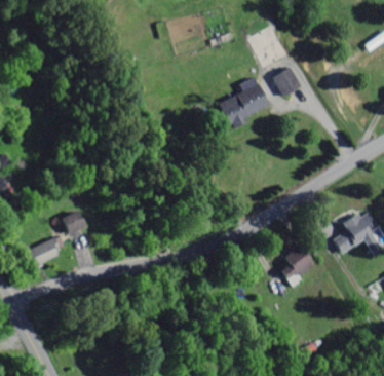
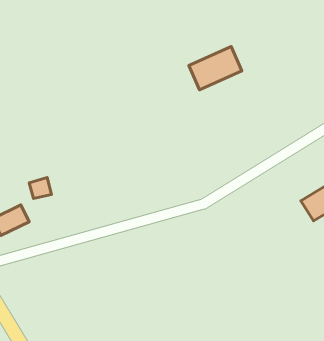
building: [273,66,302,96] -> none
building: [277,245,315,284] -> none

